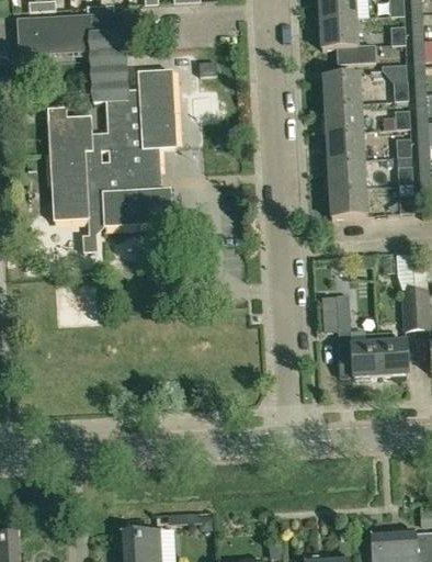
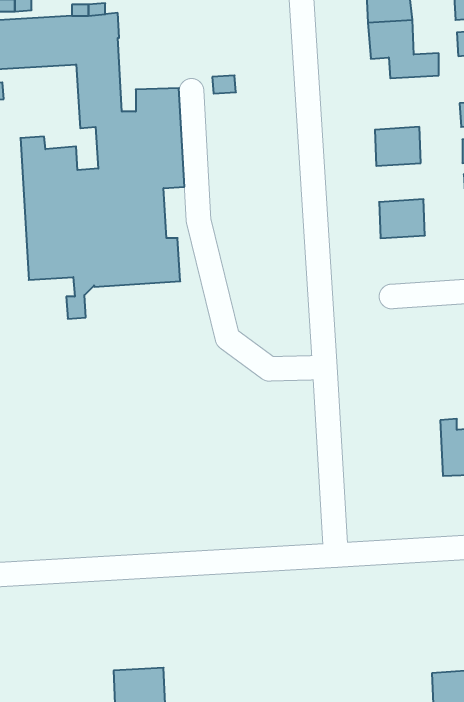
building: [323,72,361,103] -> none
building: [327,130,364,160] -> none
building: [330,187,367,218] -> none
building: [336,294,379,379] -> none

